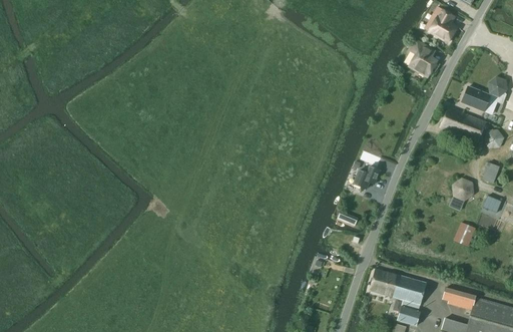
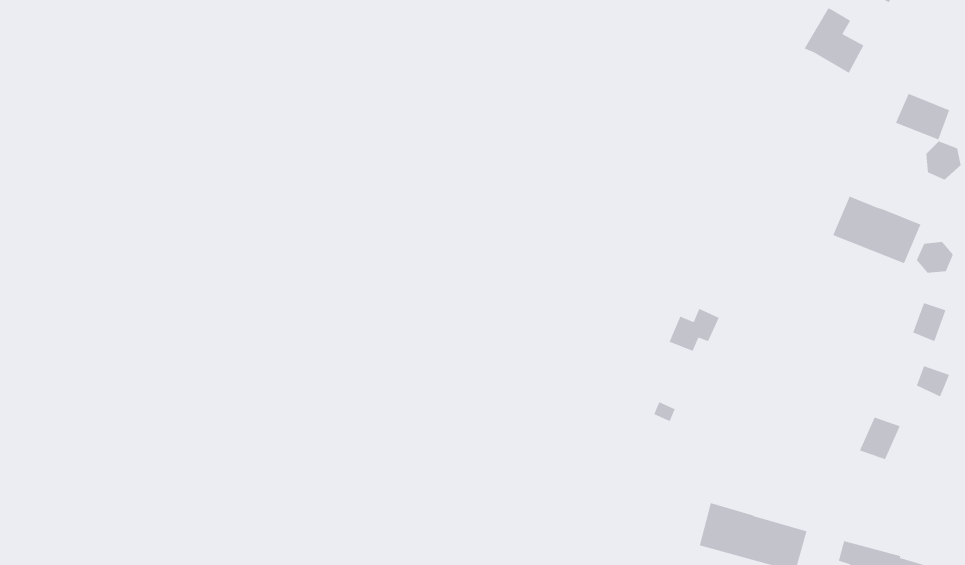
building: [410,41,437,77] -> none
building: [462,86,491,111] -> [895,93,950,140]
building: [453,178,474,201] -> none

